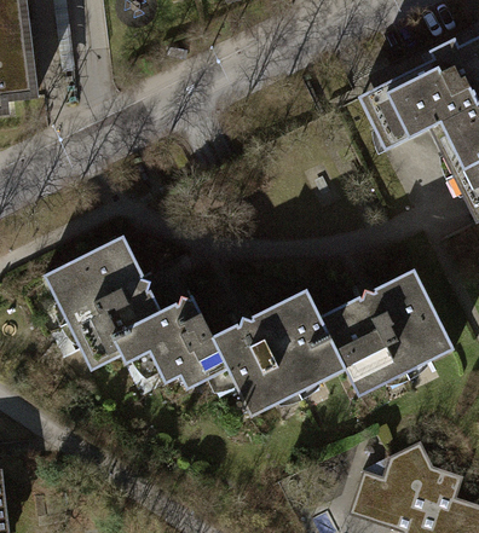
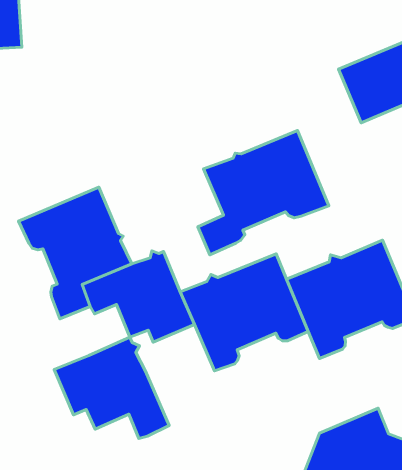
building: none -> [198,131,329,255]
building: none -> [54,337,169,438]

